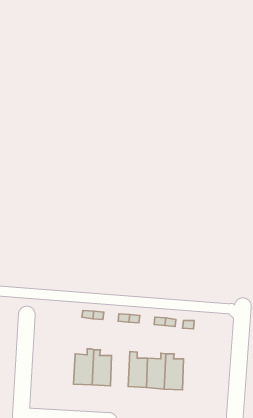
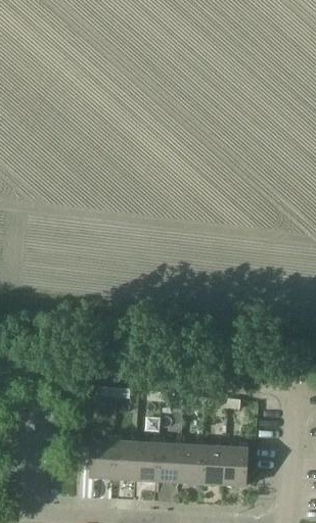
building: none -> [137,437,161,480]
building: none -> [225,442,250,485]

